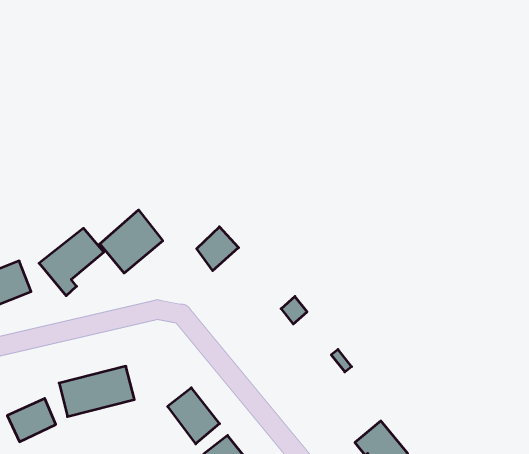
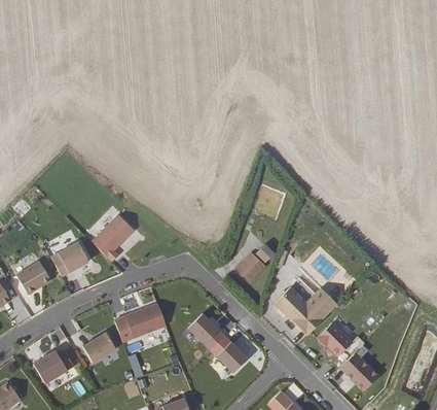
building: [100,210,163,273] -> none
building: [197,227,239,271] -> [233,251,261,281]
building: none -> [272,284,336,334]

